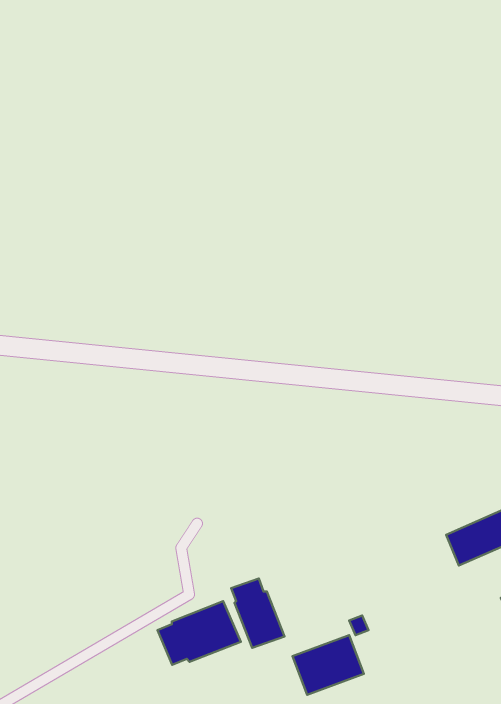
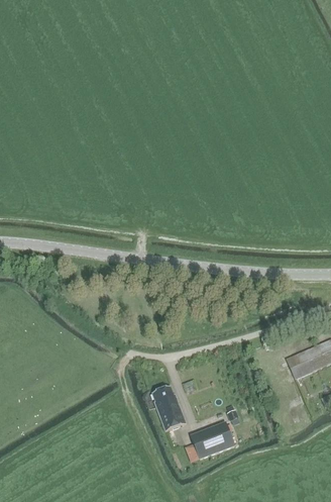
building: [157,601,241,665] -> none

